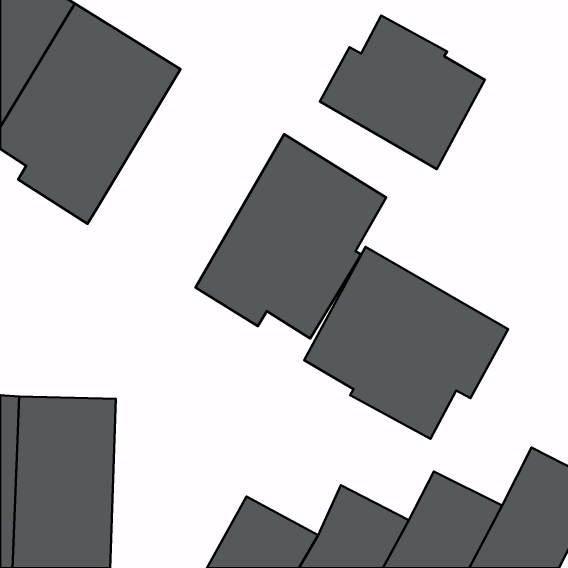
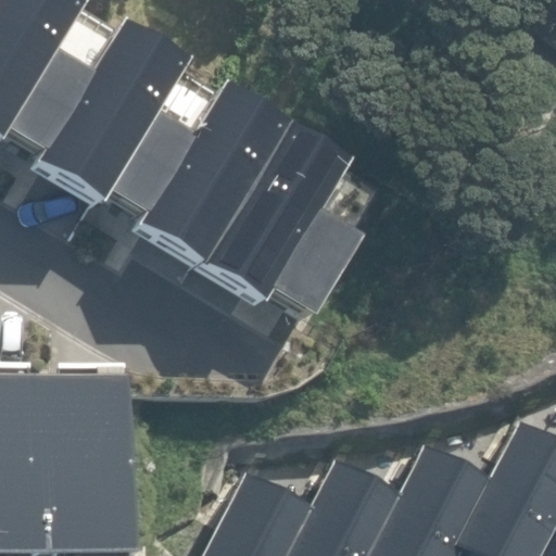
building: [320,15,485,169] -> none
building: none -> [104,66,283,275]
building: [304,247,508,439] -> none

